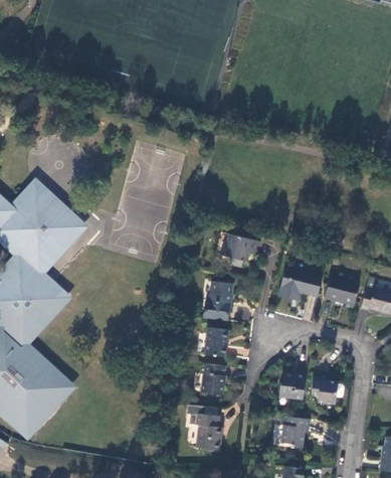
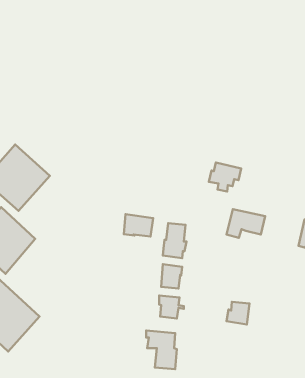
building: [221,234,258,268] -> [209,163,241,191]
building: none -> [124,214,153,236]
building: [326,275,360,301] -> none
building: [312,375,339,404] -> none
building: [278,413,311,446] -> none

